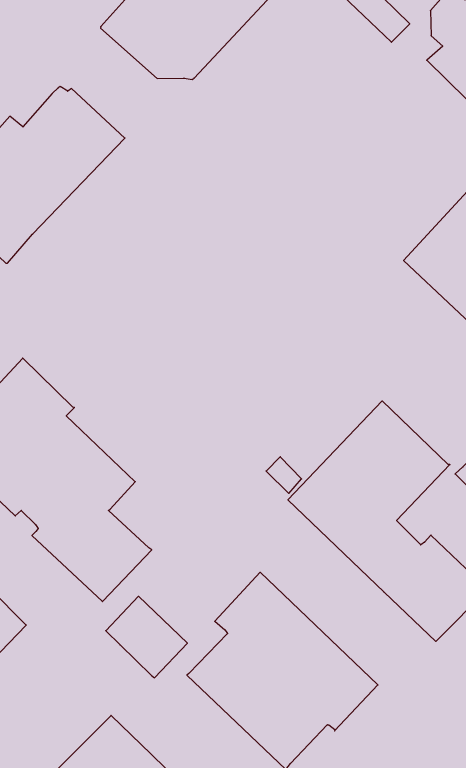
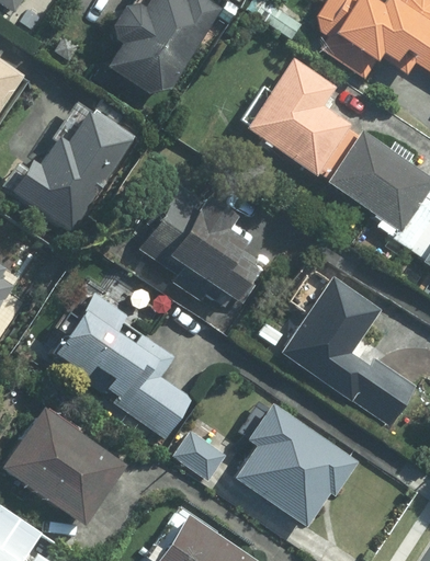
building: none -> [246,56,353,176]
building: none -> [140,182,262,308]

